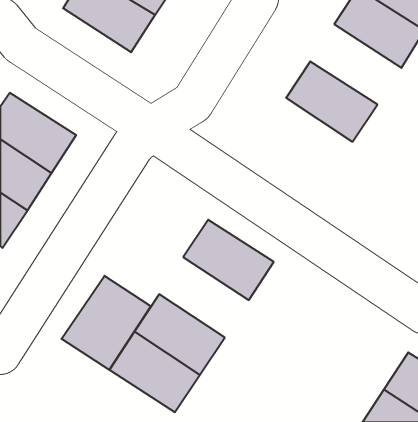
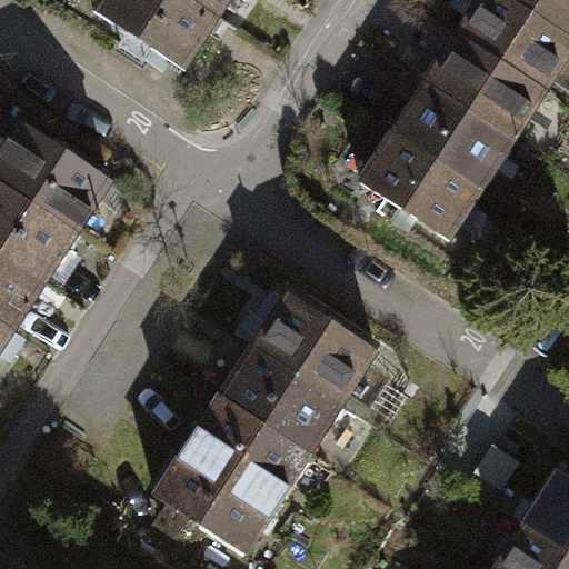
building: none -> [423,32,546,140]
building: none -> [358,131,480,239]
building: none -> [221,345,341,452]
building: [61,276,151,370] -> none

